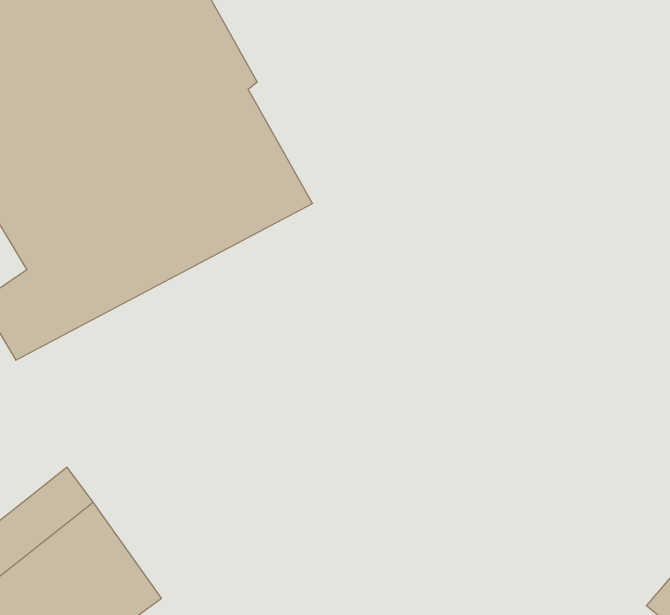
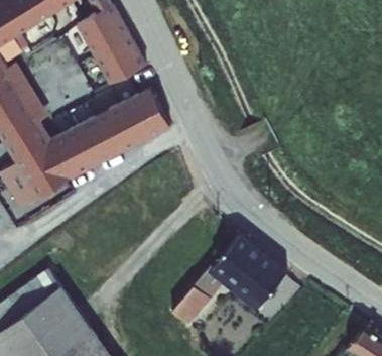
building: none -> [165,242,288,333]

